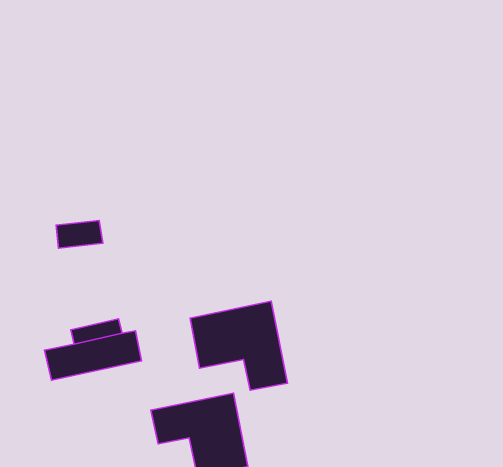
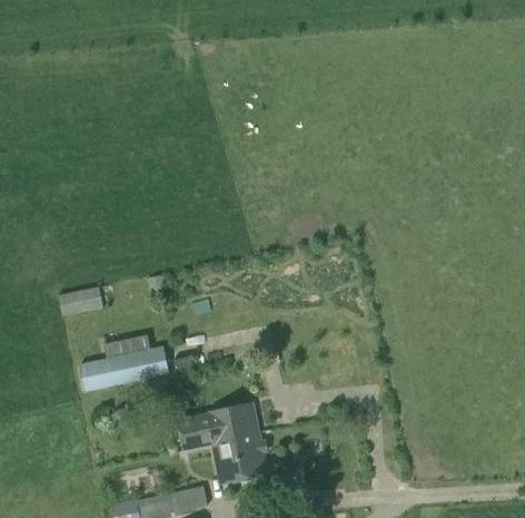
building: [56,220,103,248] -> [60,287,103,313]
building: [190,301,288,390] -> none

